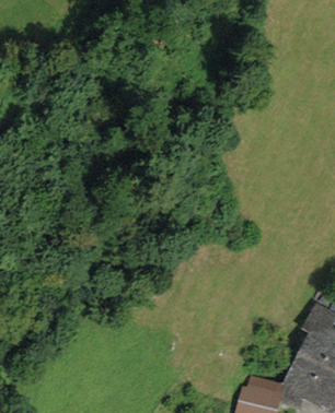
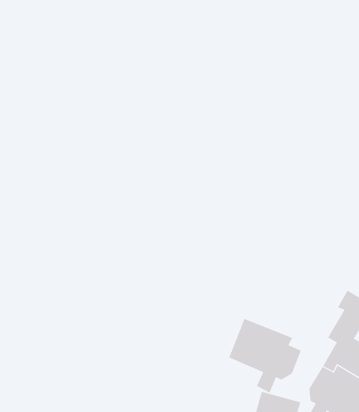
building: none -> [228,318,301,394]

